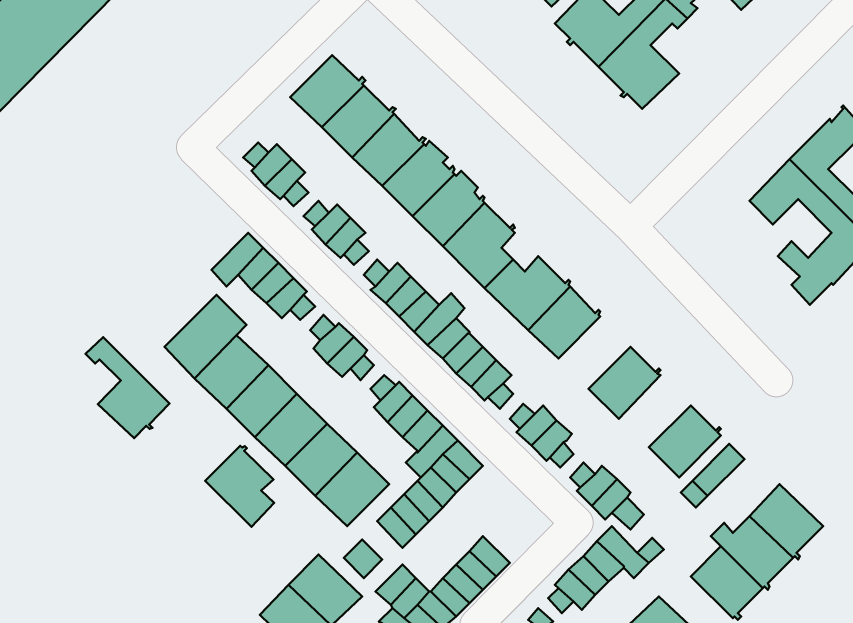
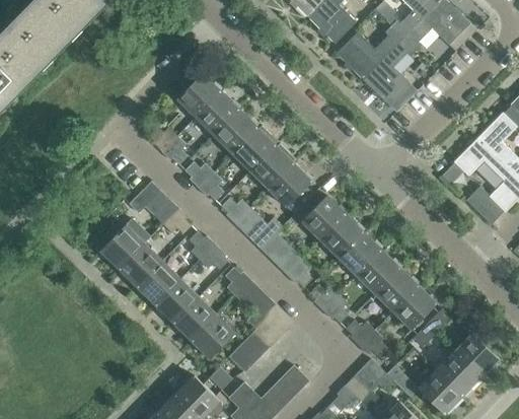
building: none -> [339,231,382,275]
building: [85,337,169,438] -> none
building: none -> [375,267,419,310]
building: [205,446,274,527] -> none

